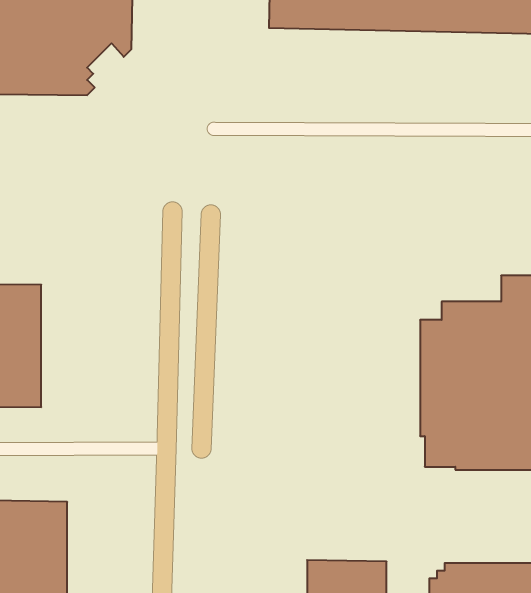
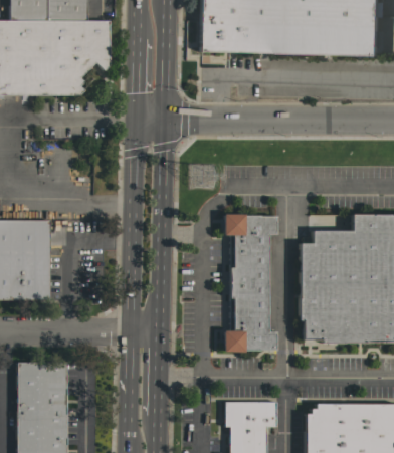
building: none -> [224,214,277,351]

